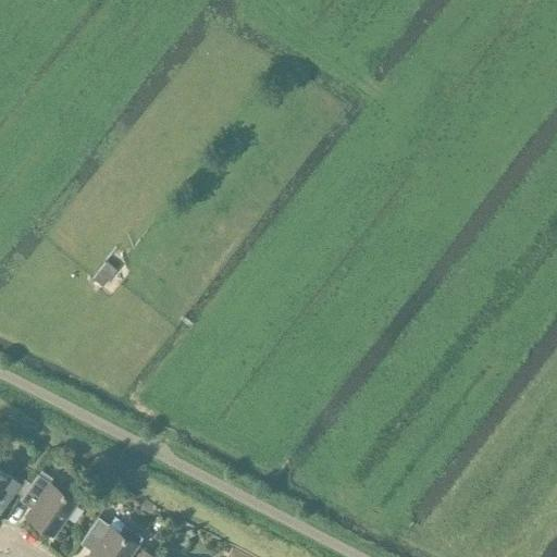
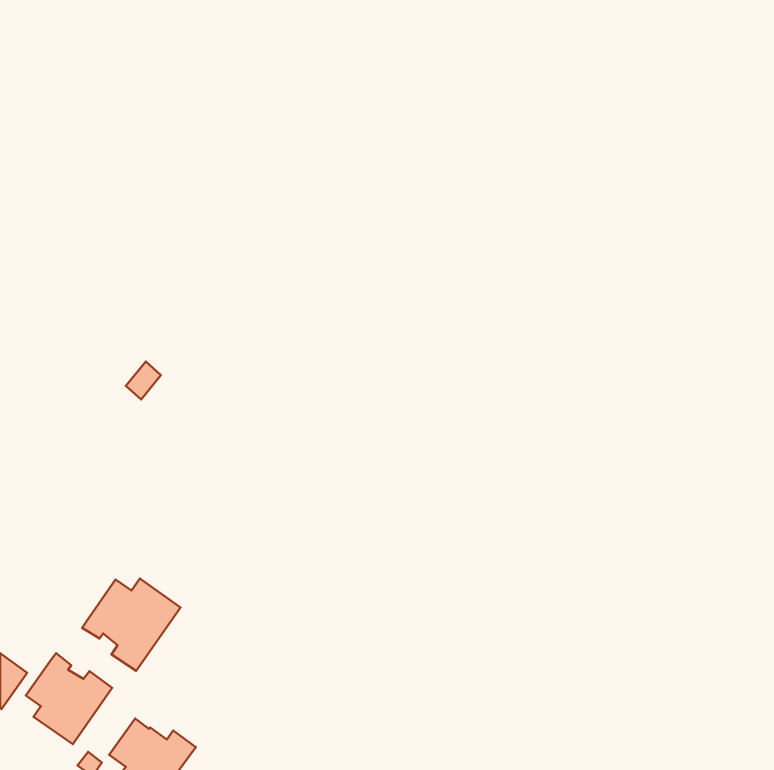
building: none -> [82,579,180,671]

